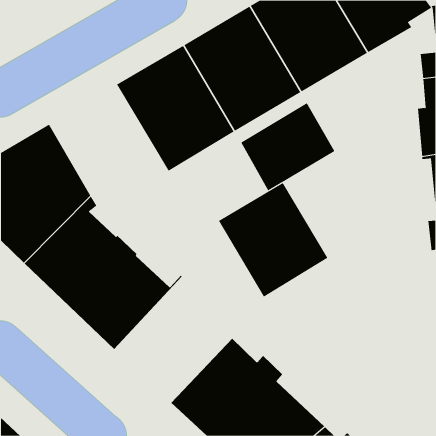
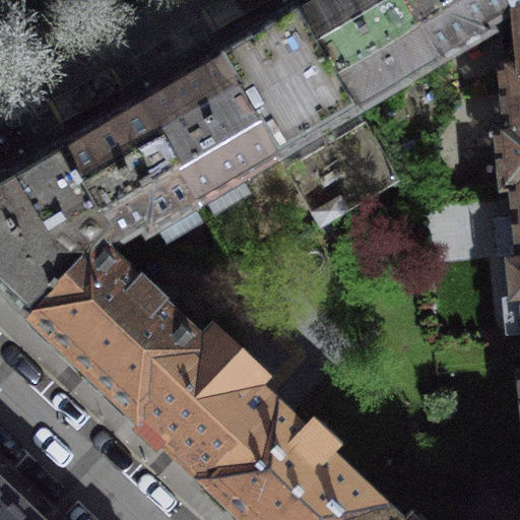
building: none -> [59,101,200,245]
building: [218,182,328,297] -> none
building: none -> [136,329,276,479]

